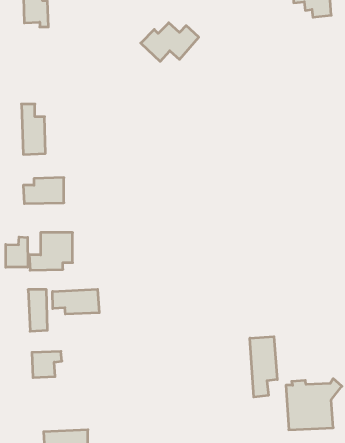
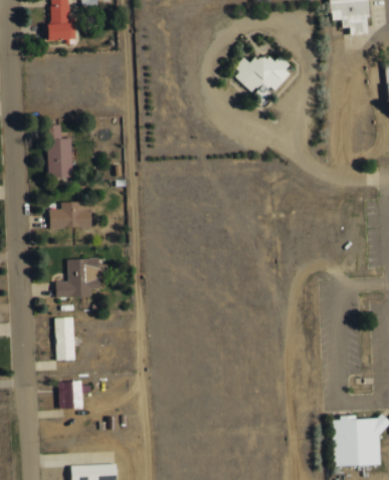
building: [141,23,199,61] -> [232,52,293,92]
building: [6,237,28,267] -> none
building: [53,289,99,314] -> none
building: [250,337,277,397] -> none

